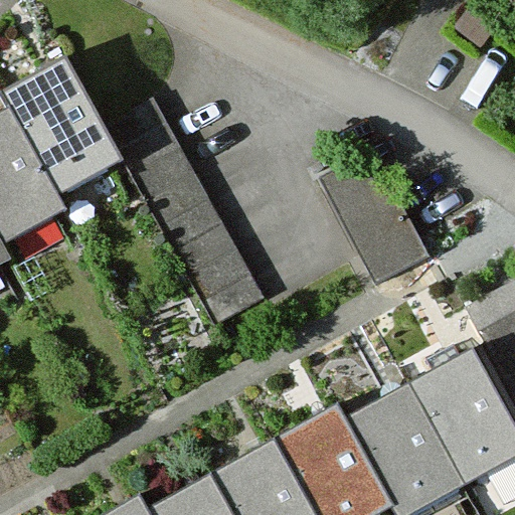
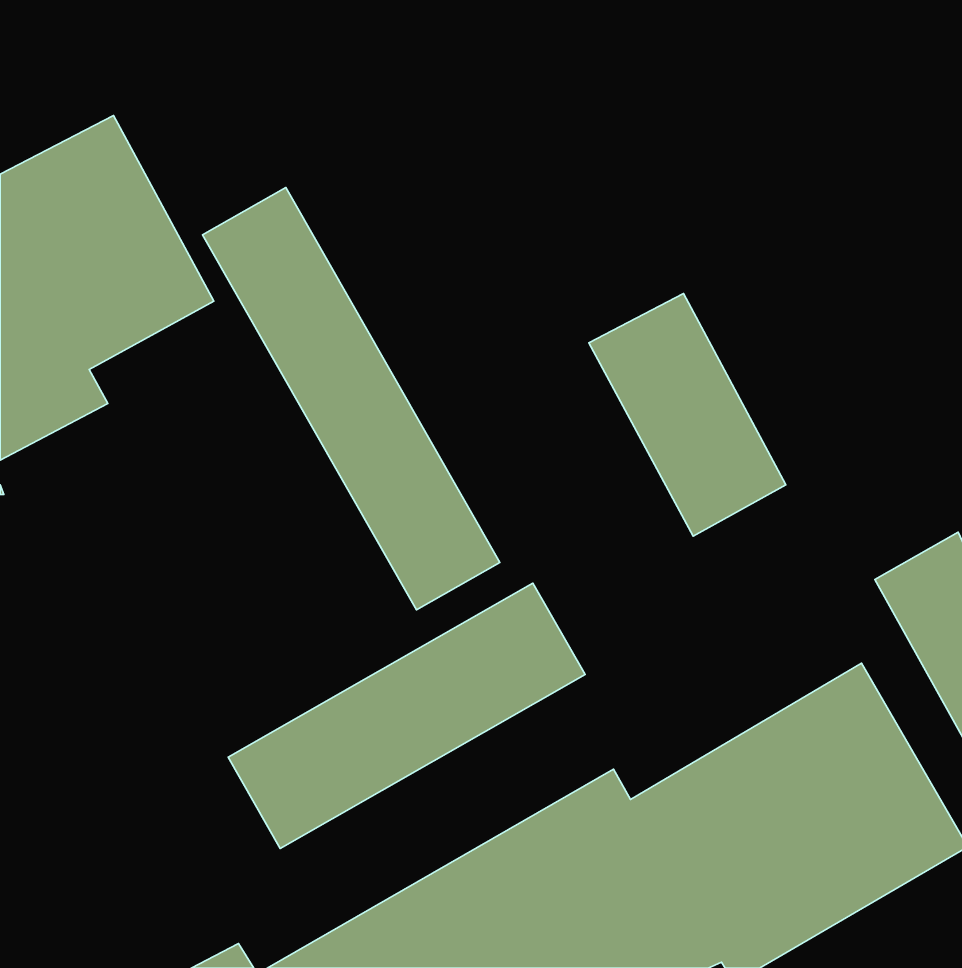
building: none -> [228,583,585,848]

